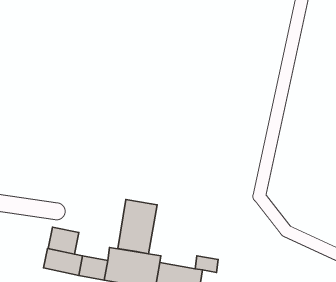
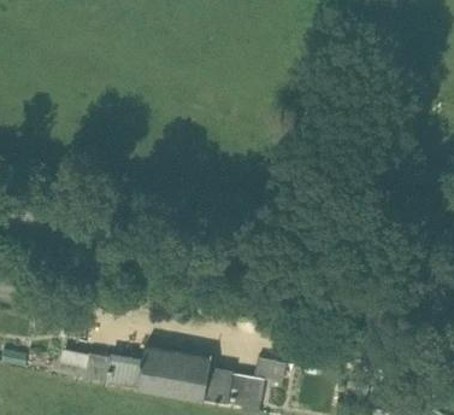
building: [118,199,157,254] -> none
building: [48,227,79,254] -> none

